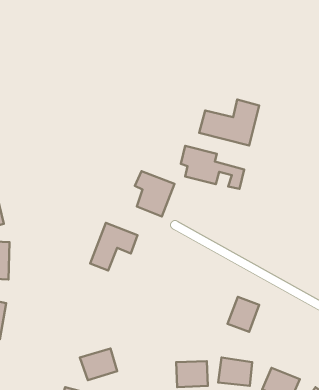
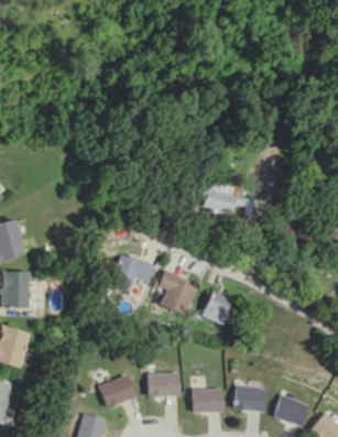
building: [199,100,259,145] -> none
building: [135,171,174,217] -> [157,272,196,316]
building: [228,297,259,332] -> [201,291,232,325]
building: none -> [148,372,178,396]

